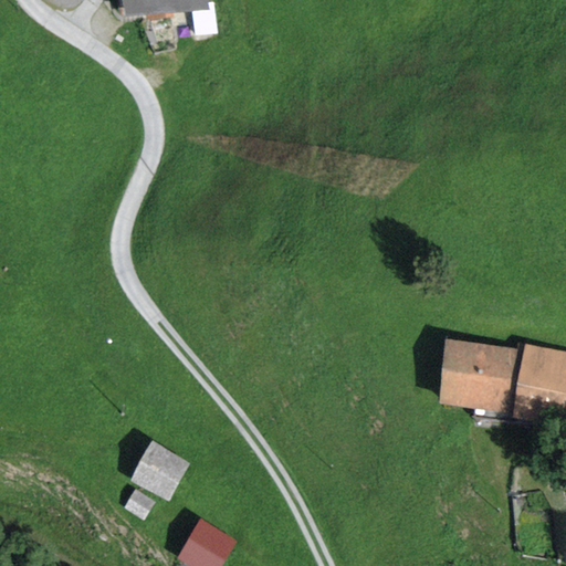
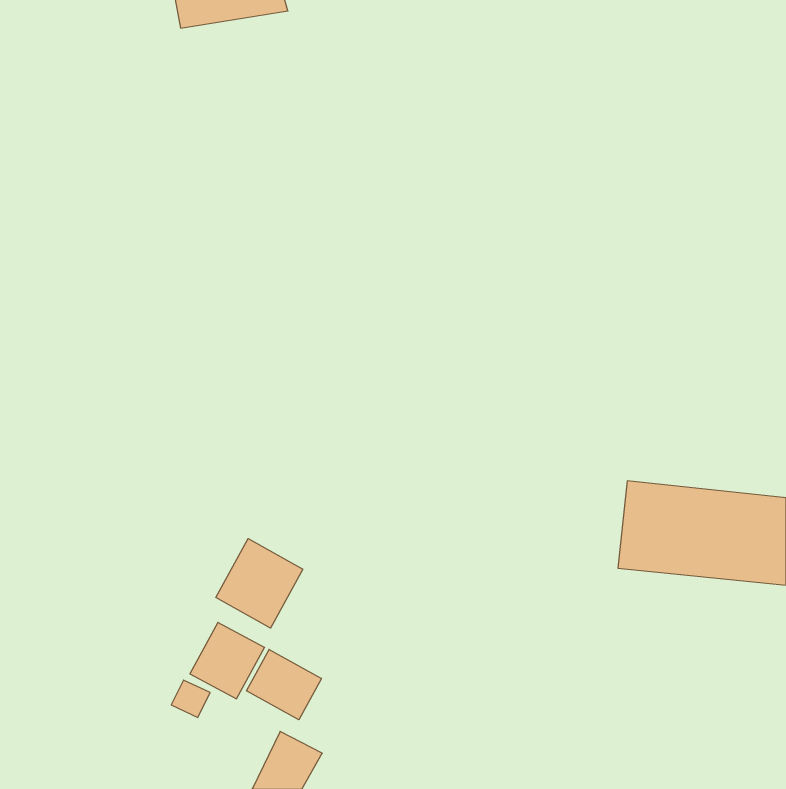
building: none -> [216,539,303,628]
building: none -> [247,649,321,720]

